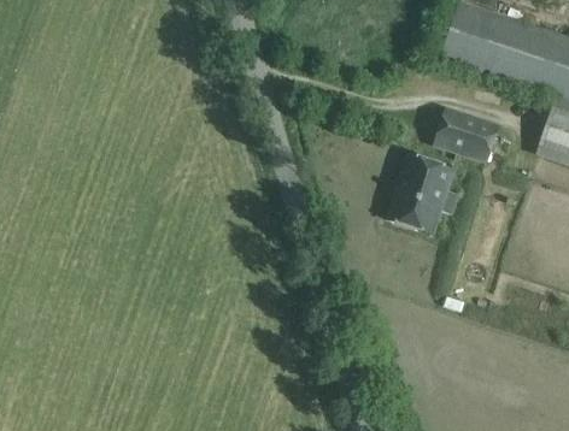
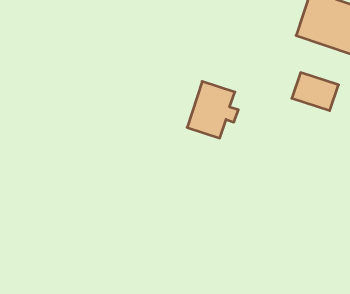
building: [388,155,458,232] -> [187,81,238,138]

